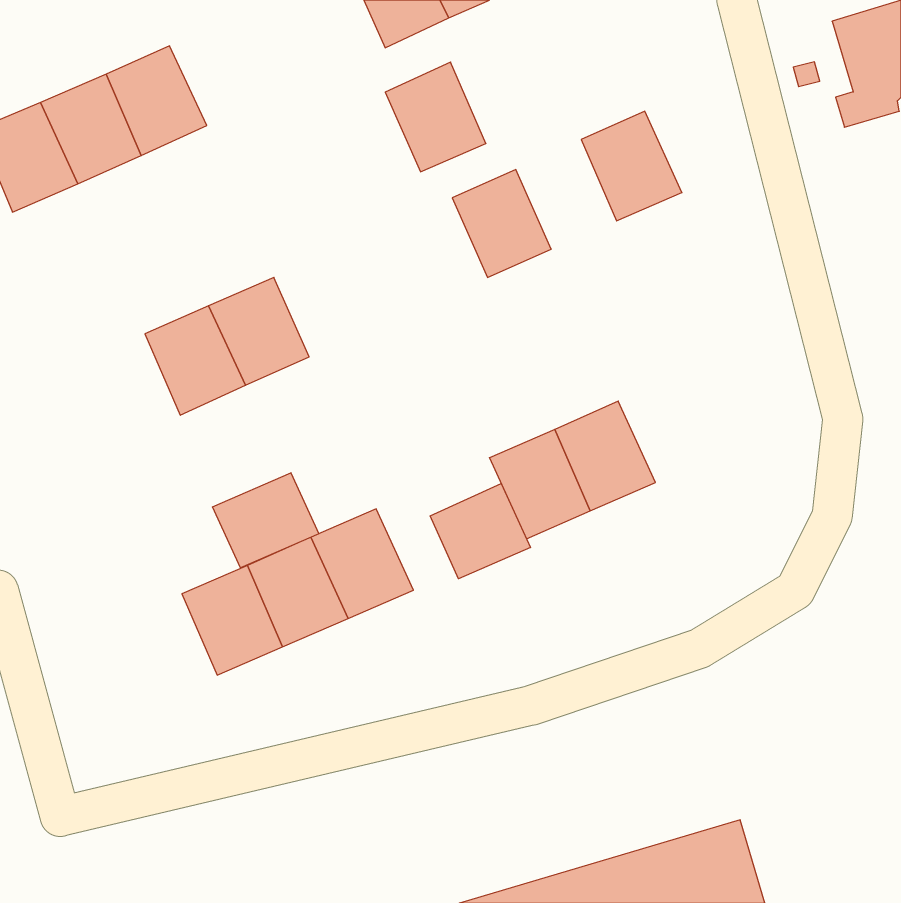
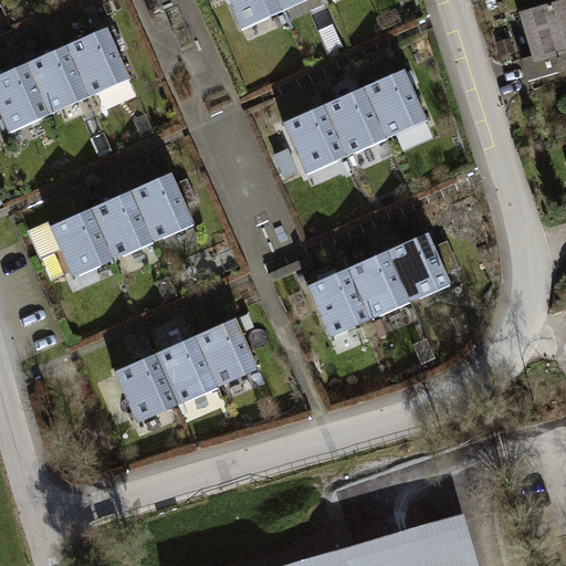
building: [385,62,486,172] -> [323,87,386,156]
building: none -> [50,209,113,277]
building: none -> [387,233,450,302]
building: [213,473,319,568] -> none
building: [430,484,530,579] -> none

